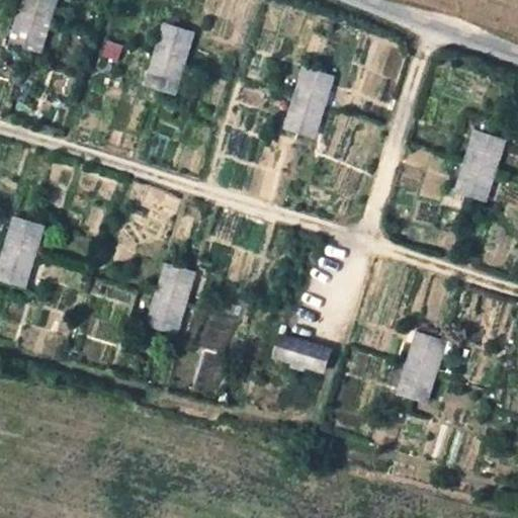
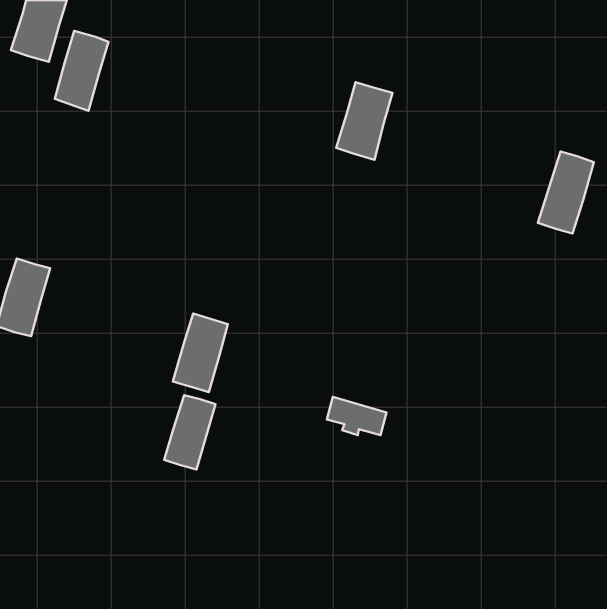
building: [146,26,191,94] -> [55,31,109,111]
building: [397,331,445,398] -> none
building: none -> [164,395,215,469]

